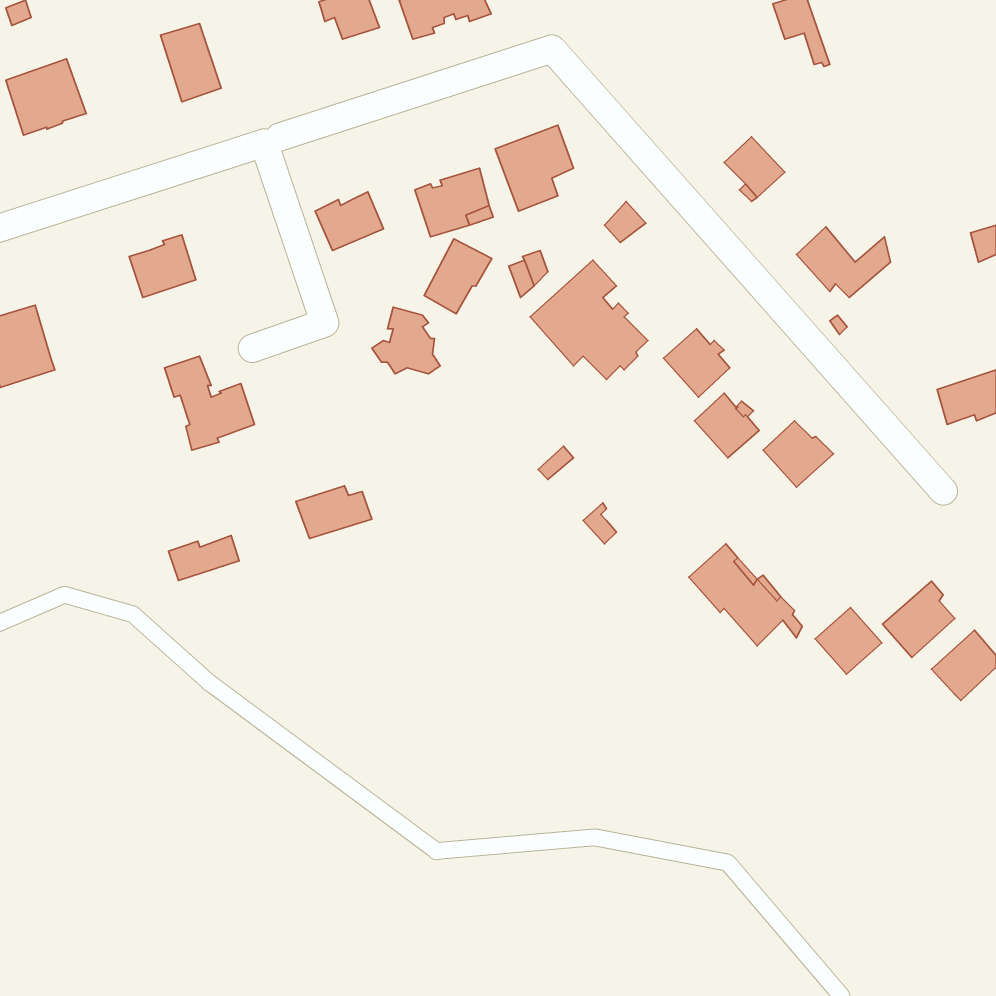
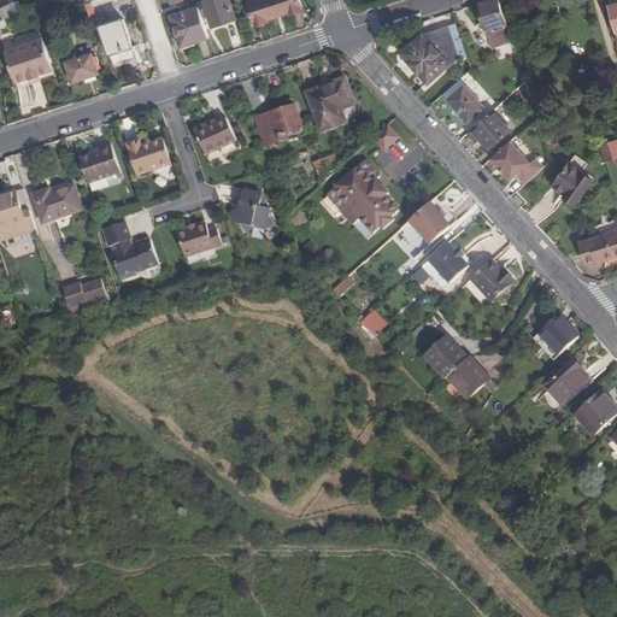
building: none -> [171,5,207,45]
building: none -> [400,23,464,82]
building: none -> [64,47,98,78]
building: none -> [466,110,510,149]
building: none -> [129,139,170,172]
building: [424,239,492,314] -> none
building: none -> [552,164,590,205]
building: none -> [31,186,80,221]
building: [296,486,372,539] -> [174,224,221,257]
building: [169,535,239,580] -> [59,278,102,306]
building: [815,608,882,674] -> [537,313,578,354]

